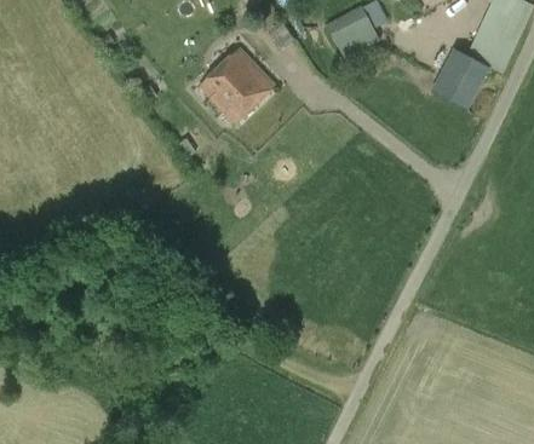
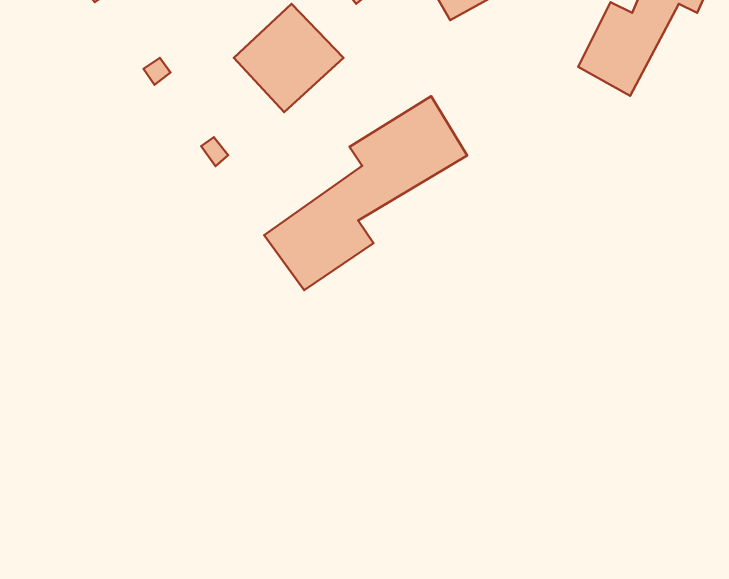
building: none -> [264,96,467,290]

